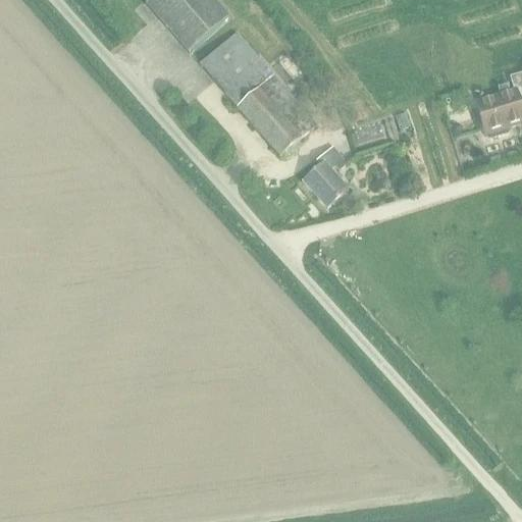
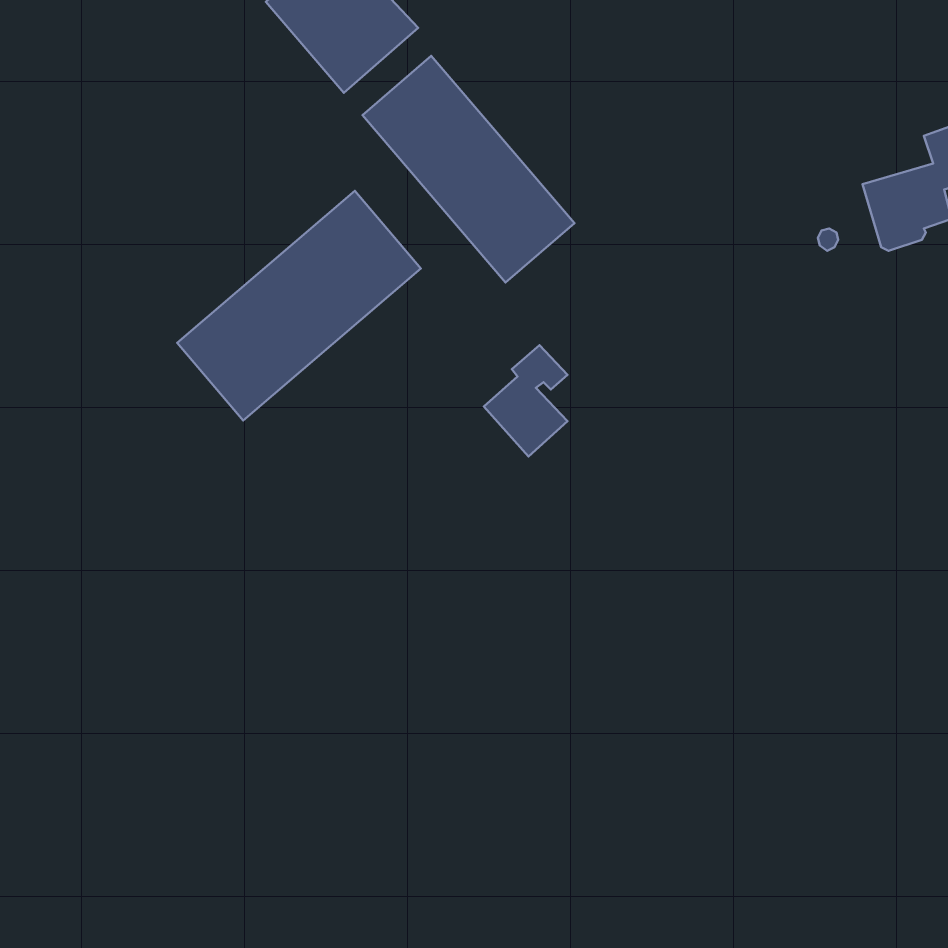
building: none -> [177,191,421,421]
building: [303,144,349,205] -> [484,345,568,457]

